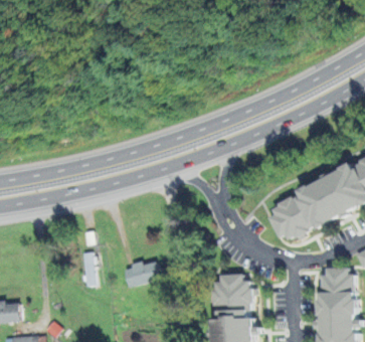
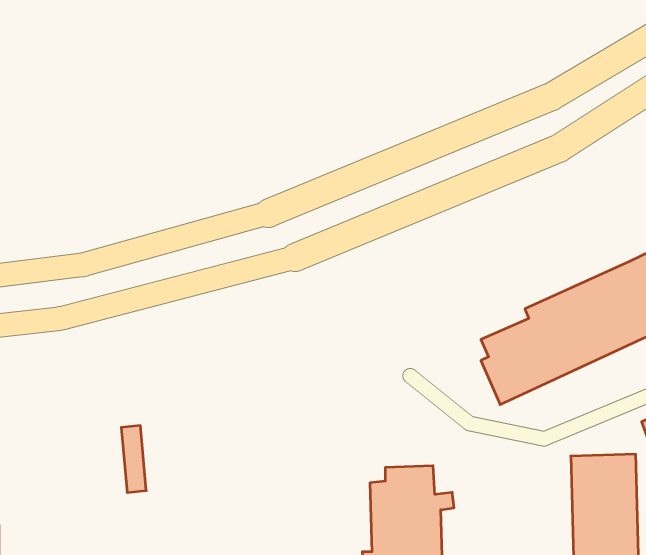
building: [124,262,159,287] -> none

